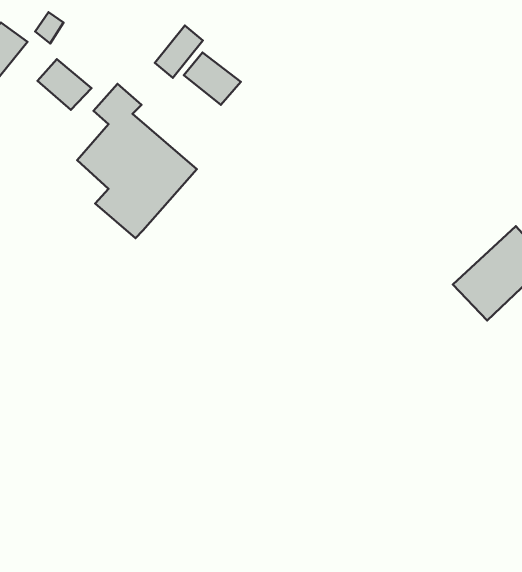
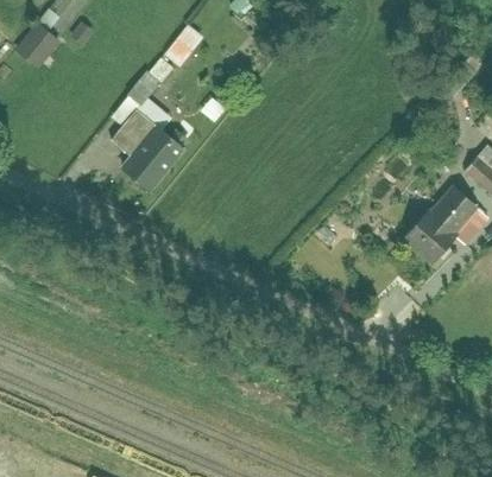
building: [184,52,241,105] -> none
building: [37,59,92,110] -> none

